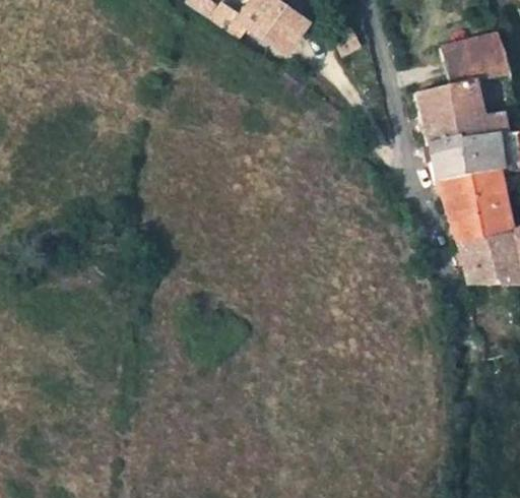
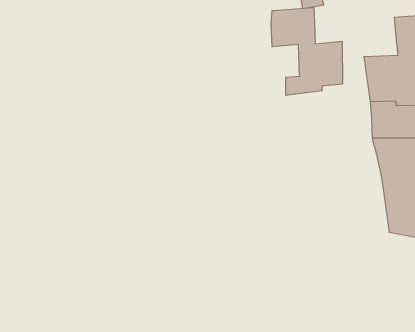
building: none -> [271,8,342,95]

